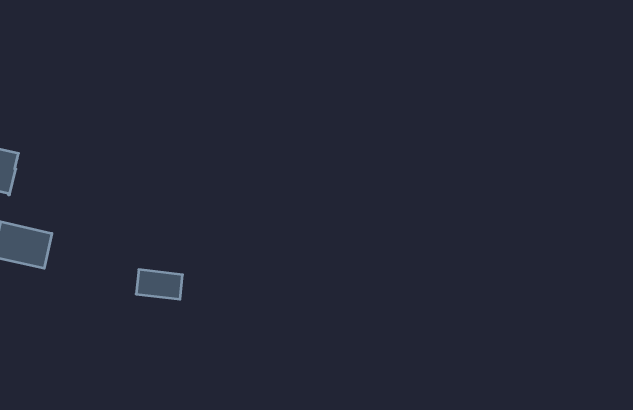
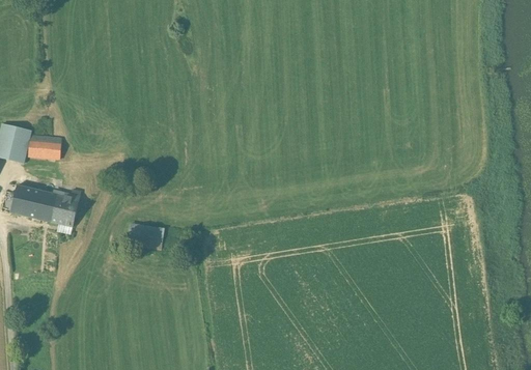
building: none -> [27,134,61,158]
building: none -> [51,191,79,233]

